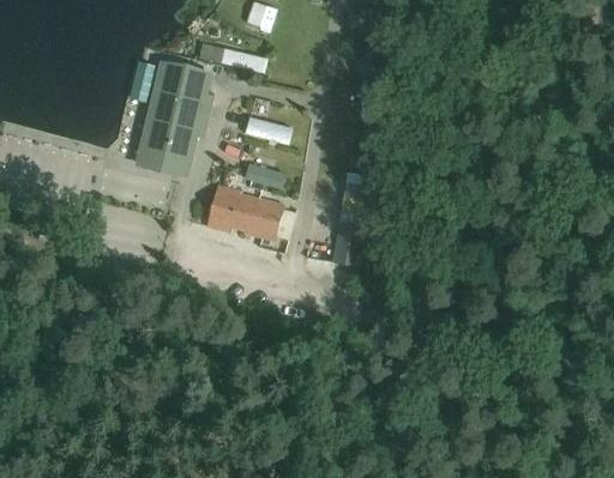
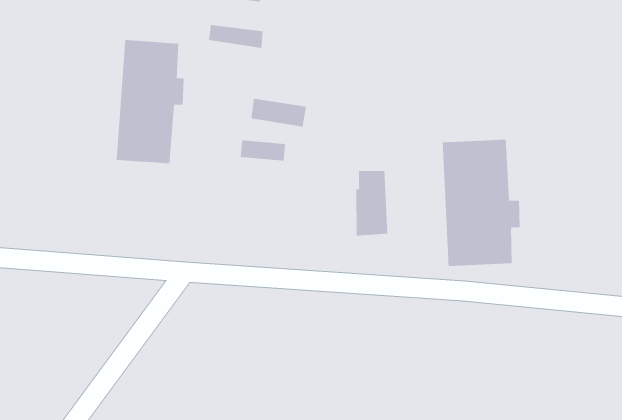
building: [206,184,283,240] -> none
building: none -> [442,139,520,267]

